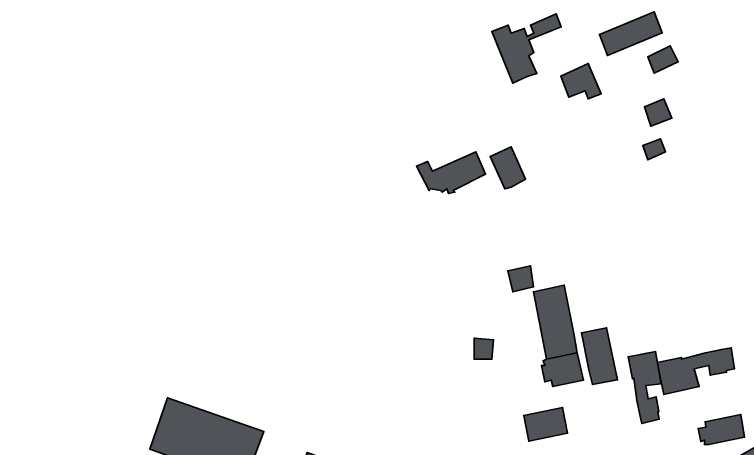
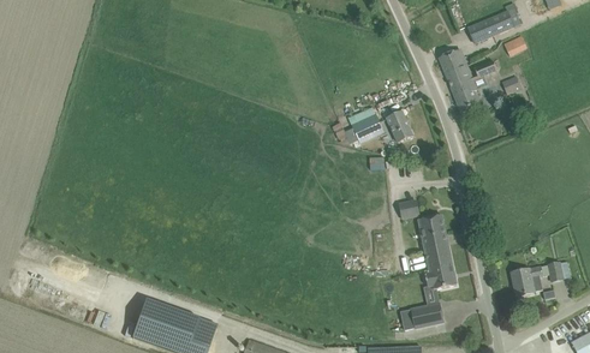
building: [492,14,561,83] -> [445,60,496,112]
building: [581,328,617,385] -> none
building: [628,352,661,423] -> none
building: [698,415,745,445] -> none

